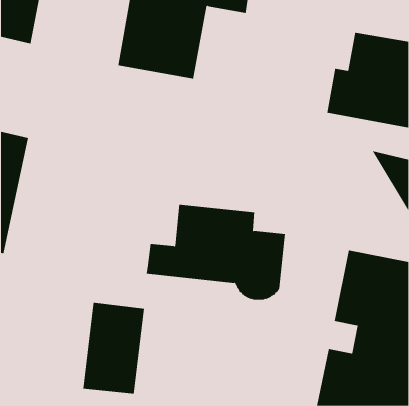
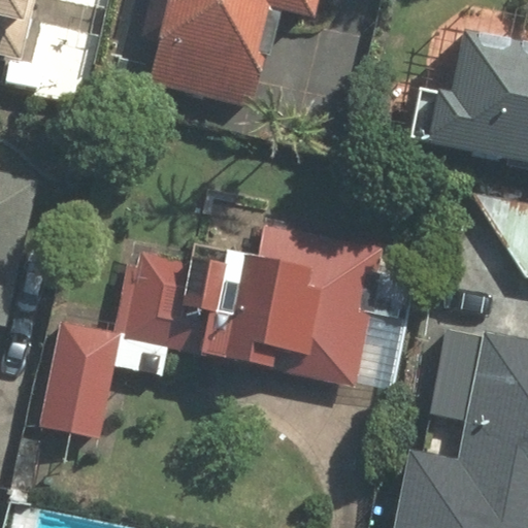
building: none -> [127,253,230,339]
building: [82,302,145,394] -> [38,319,119,437]

